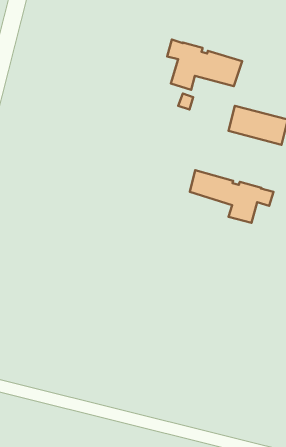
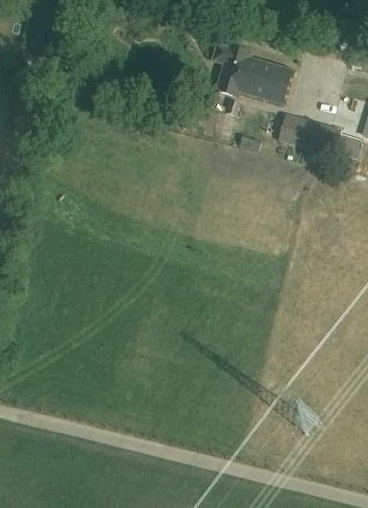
building: [190,170,274,223] -> none

